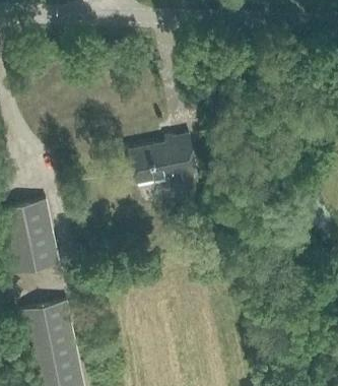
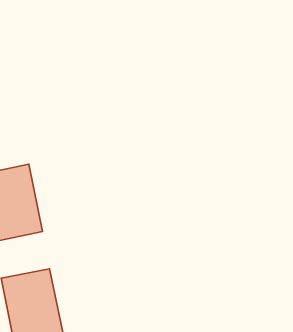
building: [129,135,196,199] -> none

